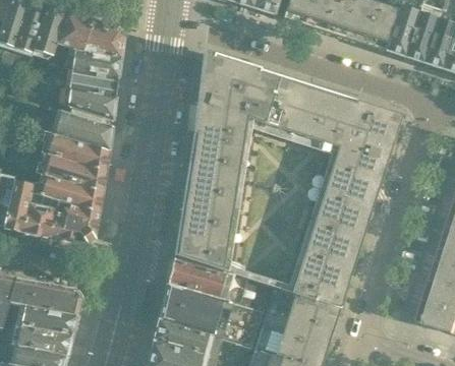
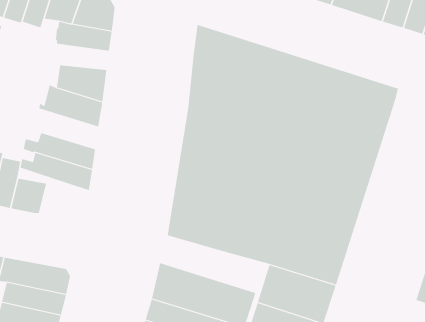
building: [63,70,117,96] -> none
building: [37,130,107,173] -> none
building: [49,200,98,243] -> none
building: [166,257,271,313] -> none

